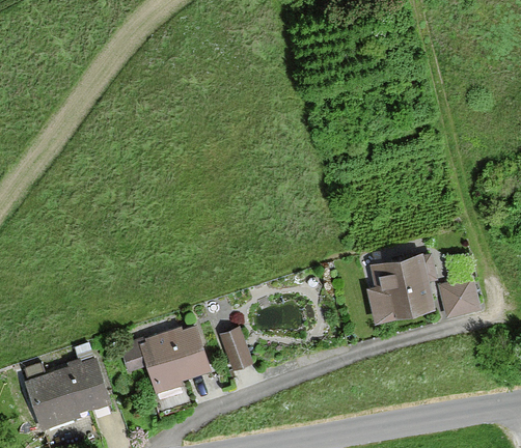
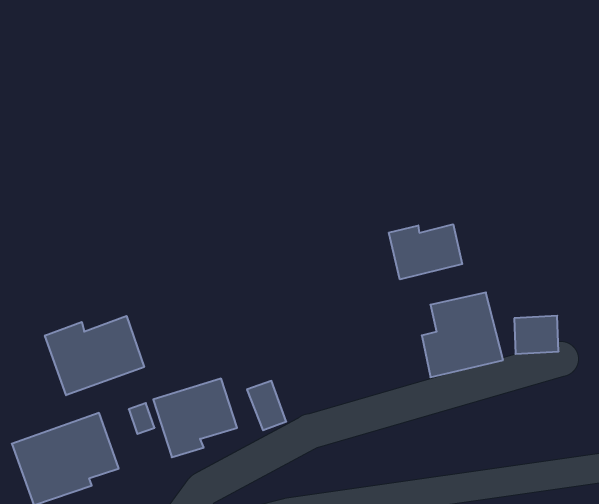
building: none -> [389,224,462,279]
building: none -> [45,316,144,395]

